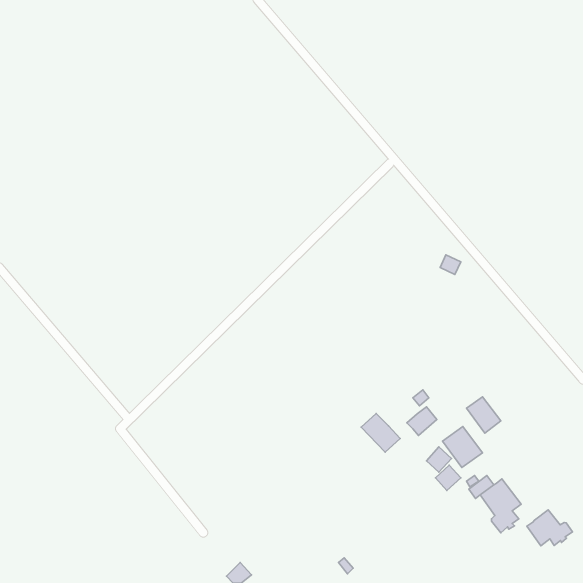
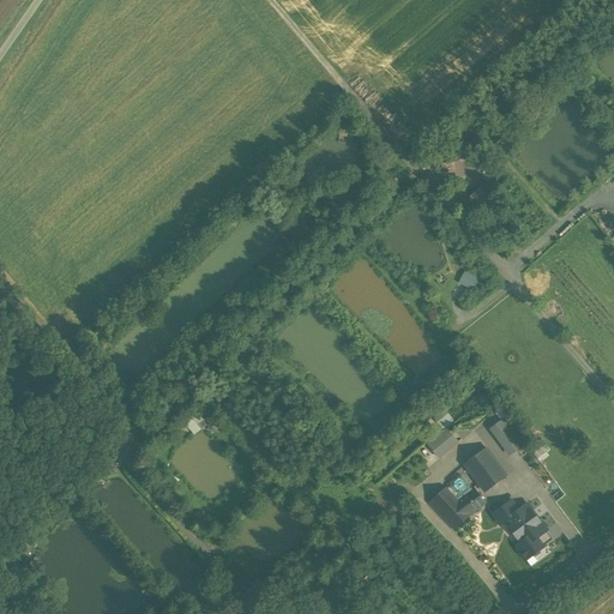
building: [361,413,400,452] -> [428,488,469,529]
building: [527,510,572,546] -> none

